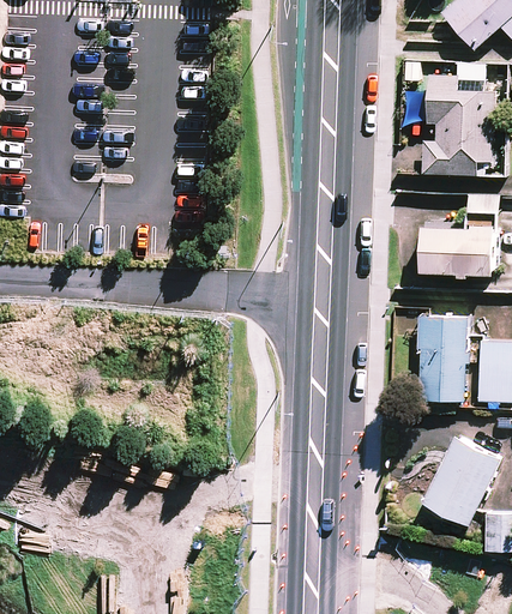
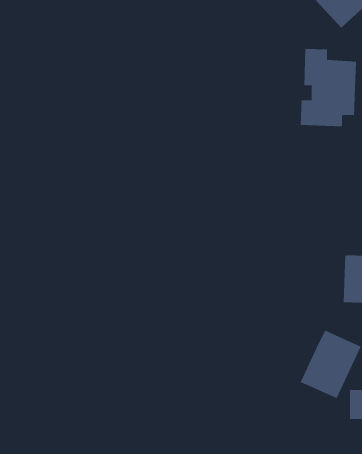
building: [421,210,495,273] -> none
building: [418,314,468,399] -> none

